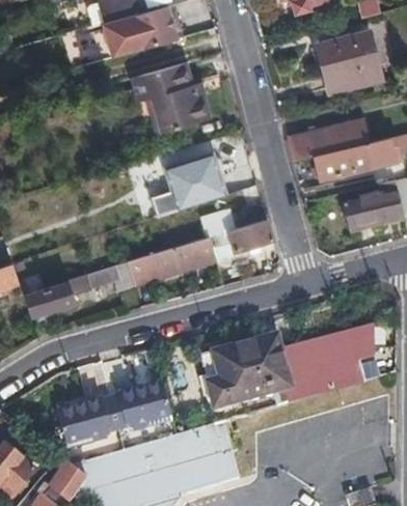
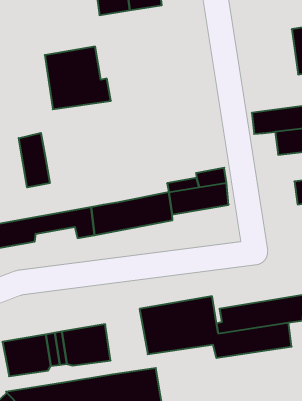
building: [136,61,212,133] -> [45,47,111,109]
building: [168,151,227,206] -> none
building: none -> [19,133,50,187]

